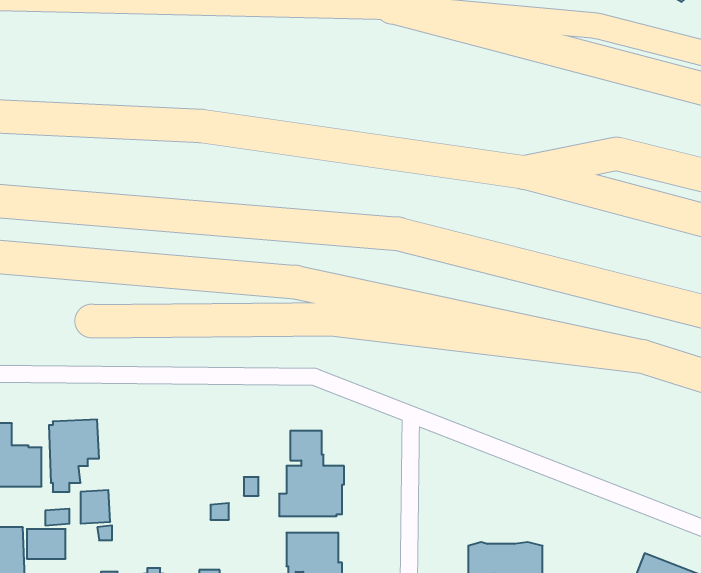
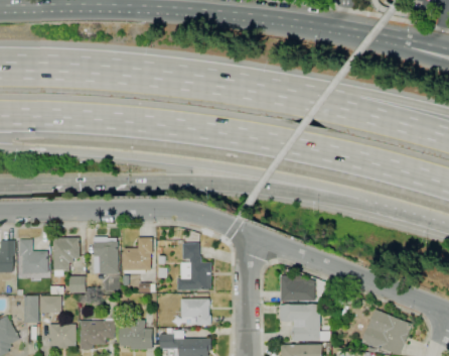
building: none -> [93,236,117,274]
building: none -> [122,238,151,273]
building: none -> [280,275,314,301]

